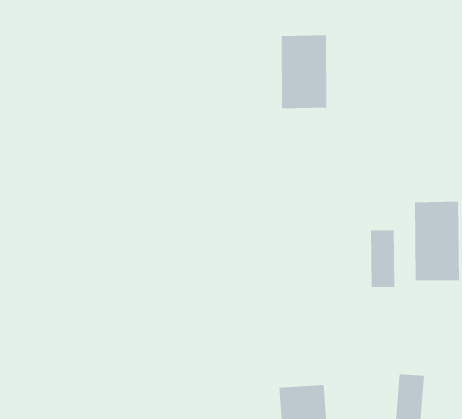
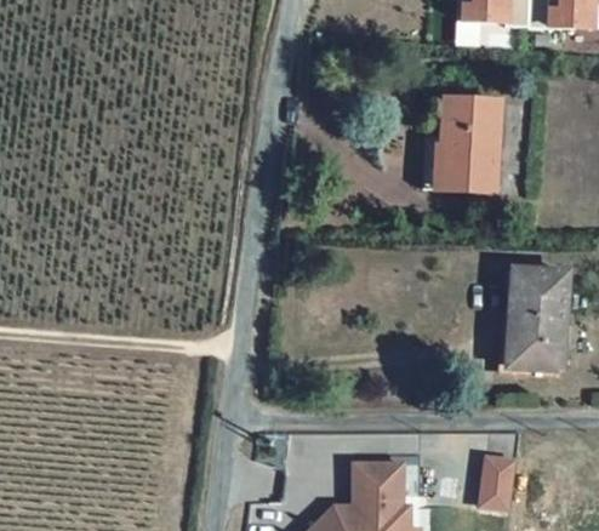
building: [281,35,327,109] -> [439,104,494,185]
building: [371,230,395,288] -> none

